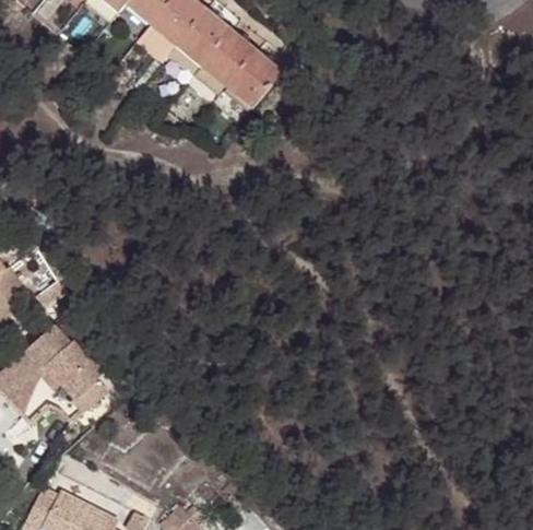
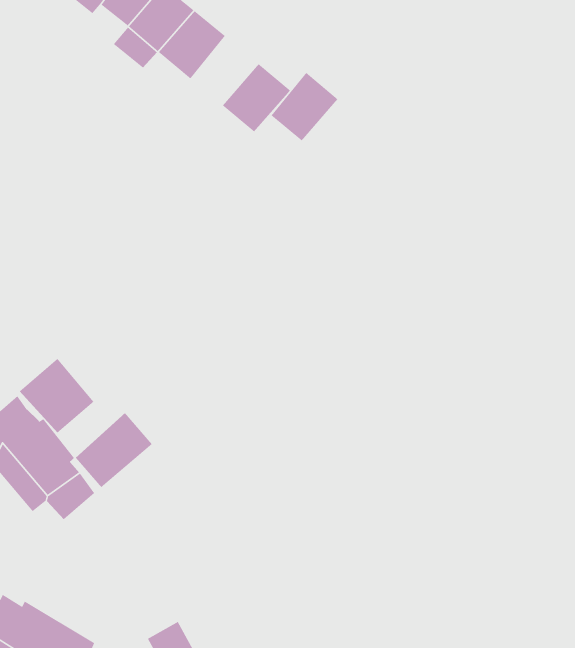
building: [199,33,253,89] -> [271,72,339,141]
building: none -> [19,358,95,434]
building: none -> [75,412,153,488]

